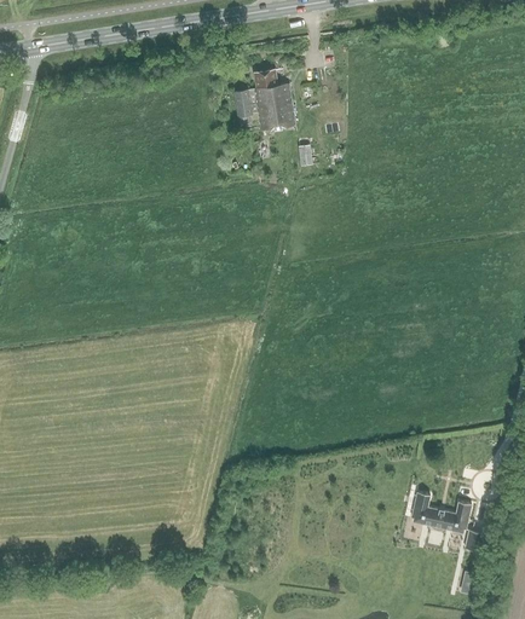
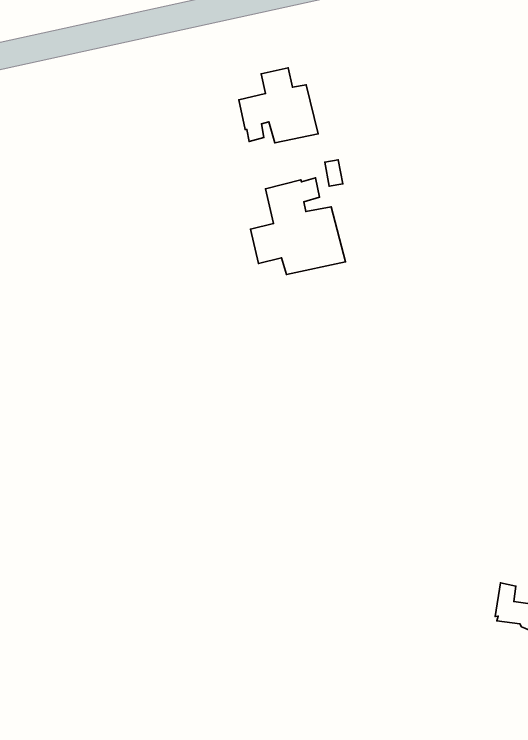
building: none -> [251,178,346,275]

